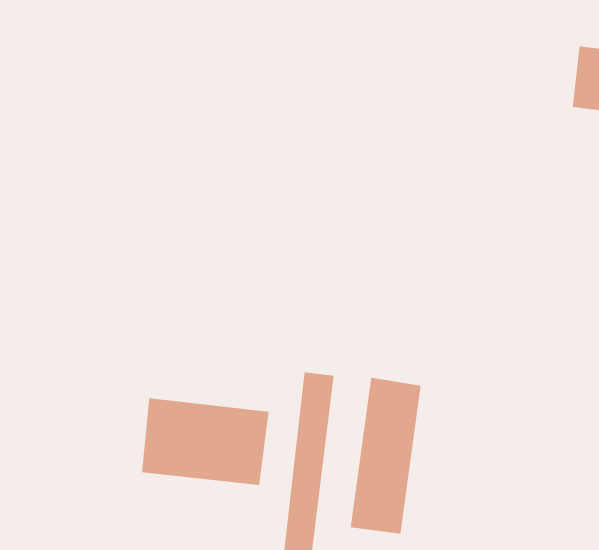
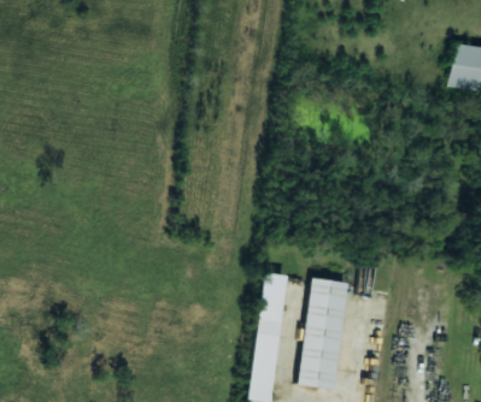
building: [141,397,269,486] -> none

